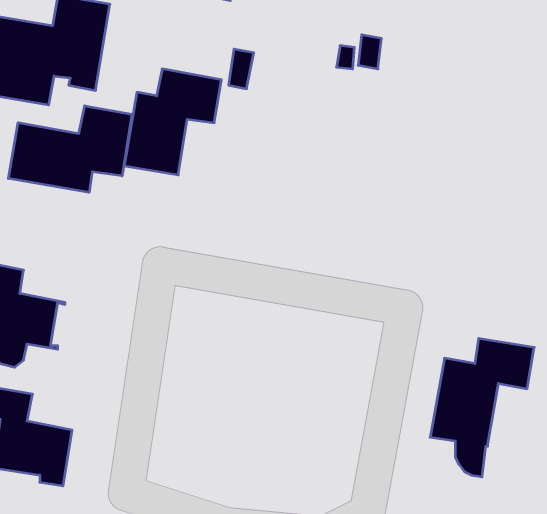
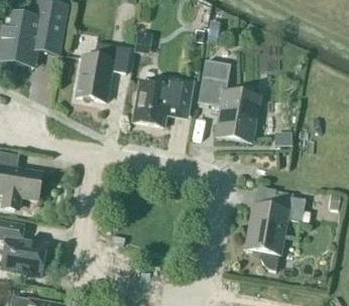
building: none -> [199,62,258,140]
building: [8,106,132,192] -> none
building: none -> [133,76,194,127]

